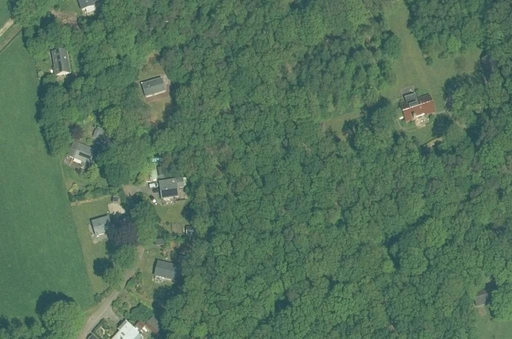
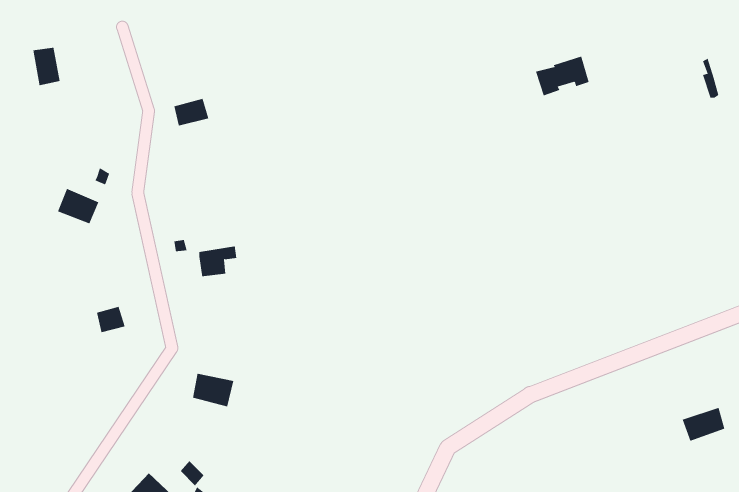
building: [399,94,434,120] -> [535,56,590,96]

